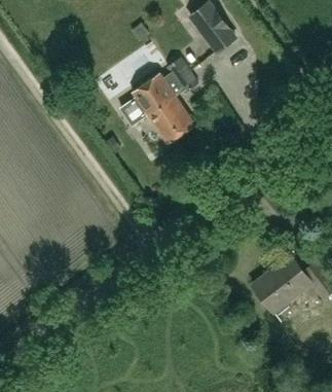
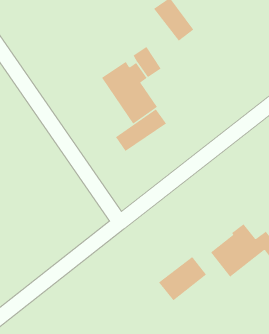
building: none -> [115,109,167,152]
building: none -> [158,256,207,301]

